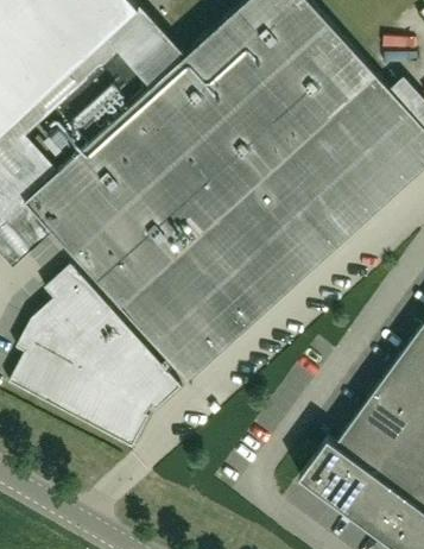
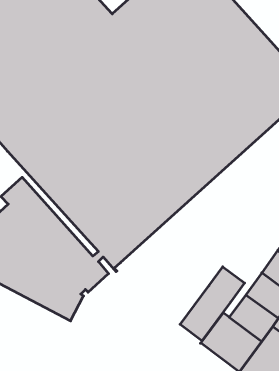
building: none -> [180,267,245,341]

